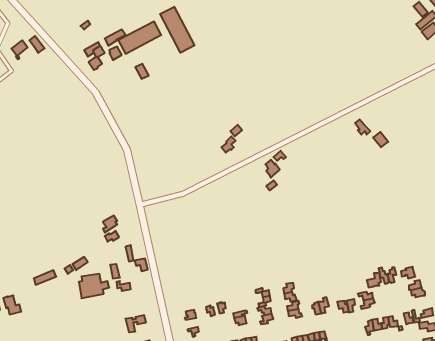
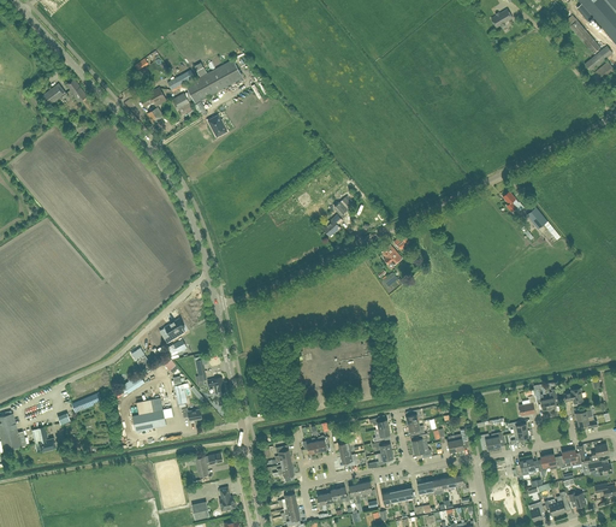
building: [160,7,194,53] -> none

